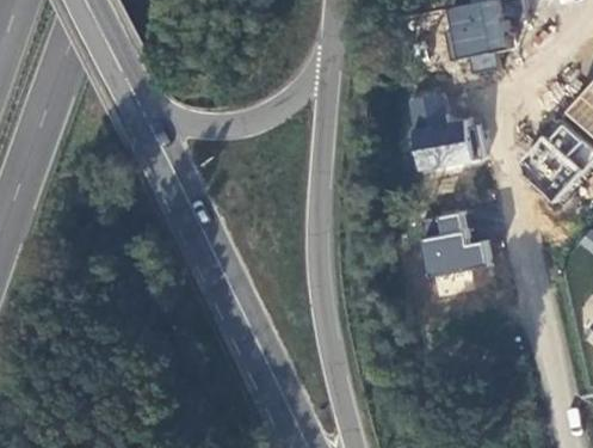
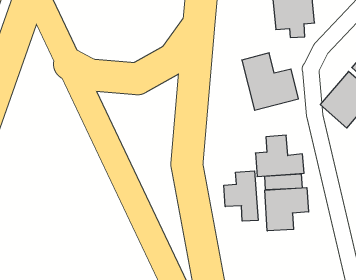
building: none -> [224,171,258,221]
building: none -> [265,188,309,231]

